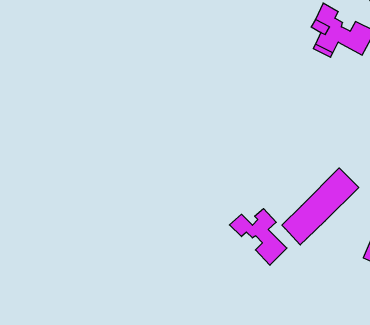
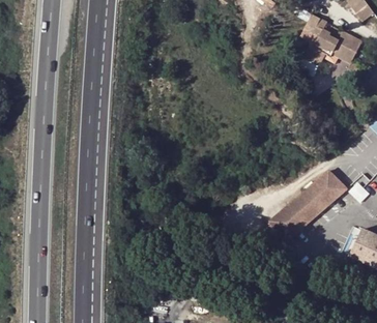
building: [229,209,287,265] -> none

